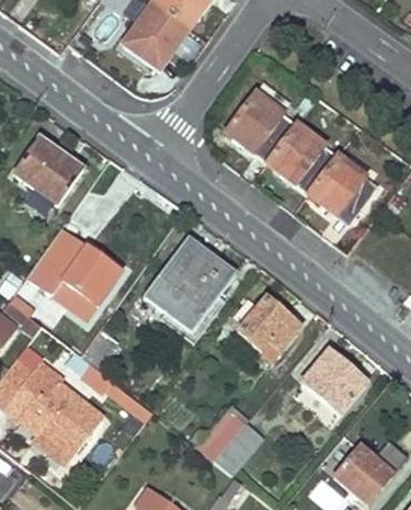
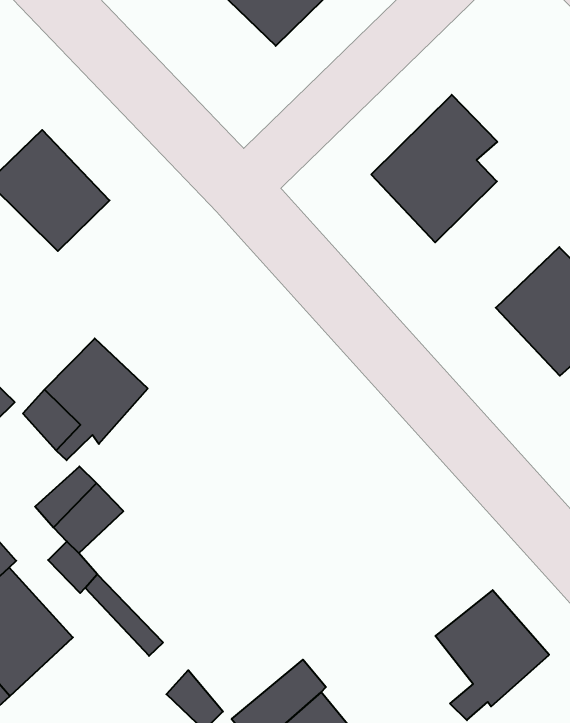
building: [265,124,334,194] -> none
building: [41,231,85,281] -> none
building: [145,240,235,331] -> none
building: [237,297,300,352] -> none

